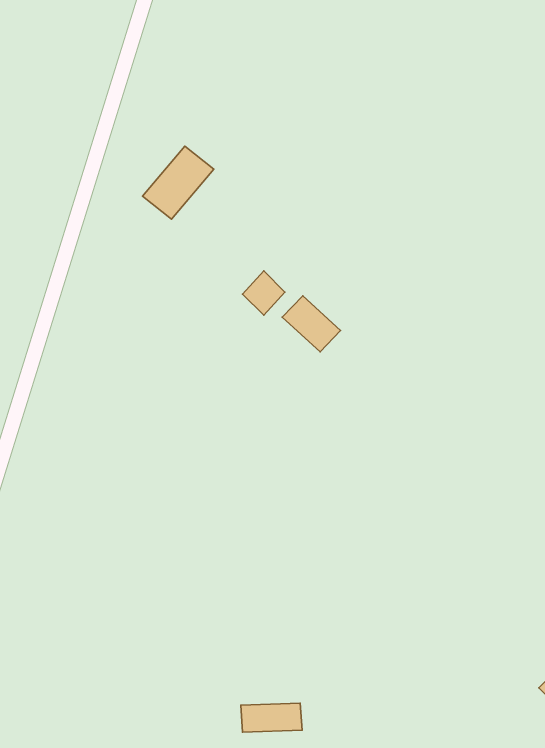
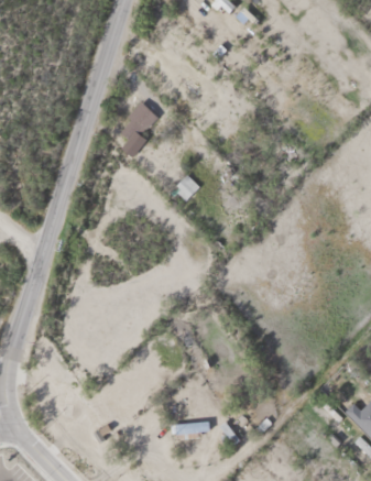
building: [282,296,340,352] -> none

